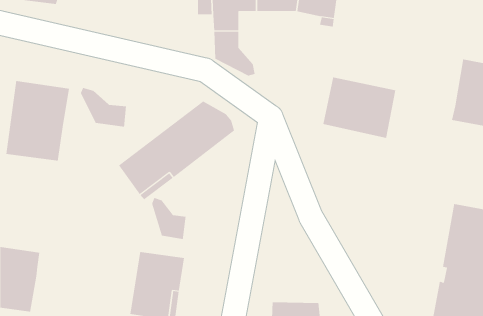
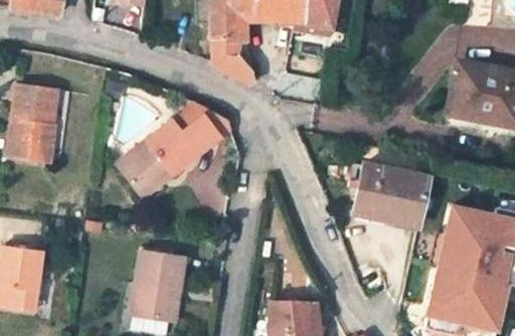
building: [322,77,396,138] -> [353,162,425,222]
building: [80,87,126,128] -> none
building: [152,197,186,240] -> none

